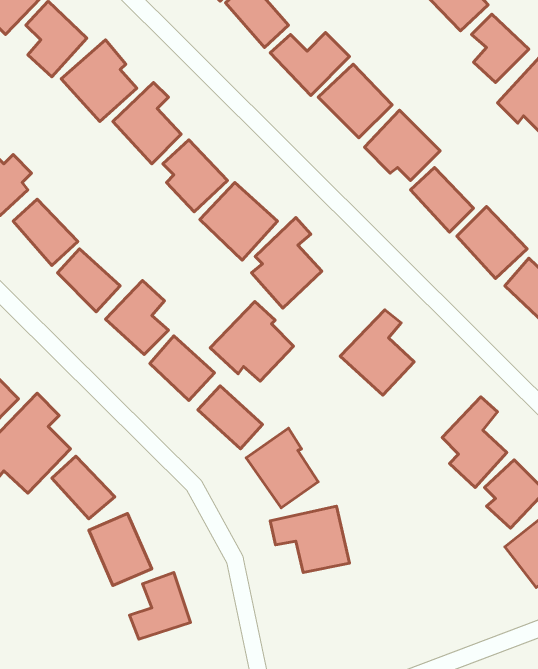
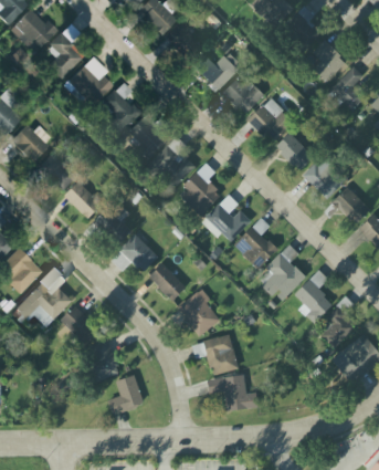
building: [210,302,294,381] -> [202,195,252,242]
building: none -> [257,246,306,299]
building: none -> [209,376,259,410]

